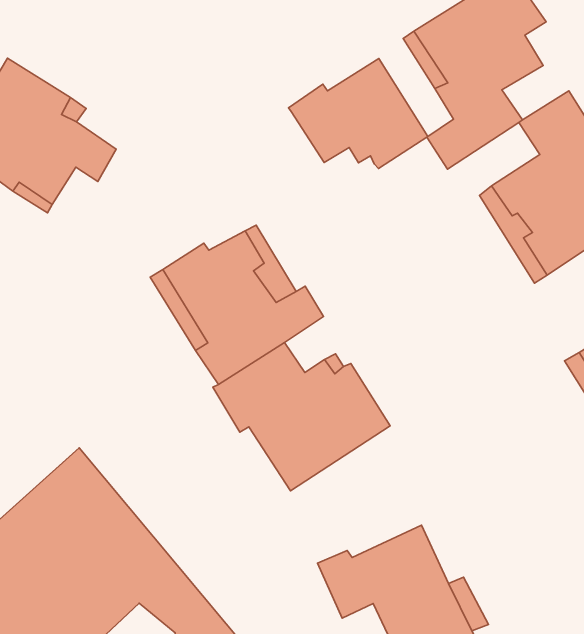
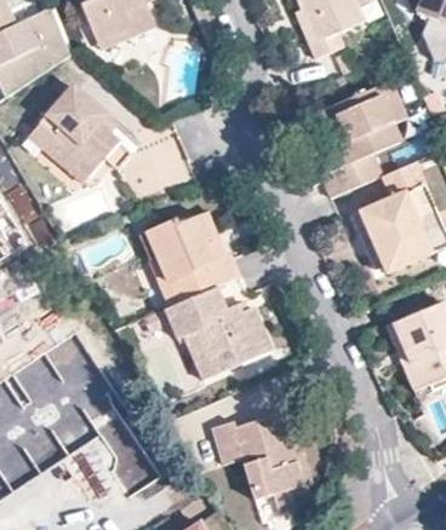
building: [288,58,428,168] -> none

